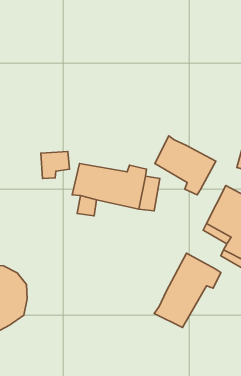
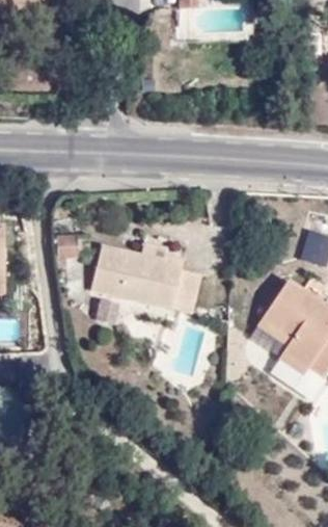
building: [155,136,216,195] -> none
building: [154,253,221,327] -> none

